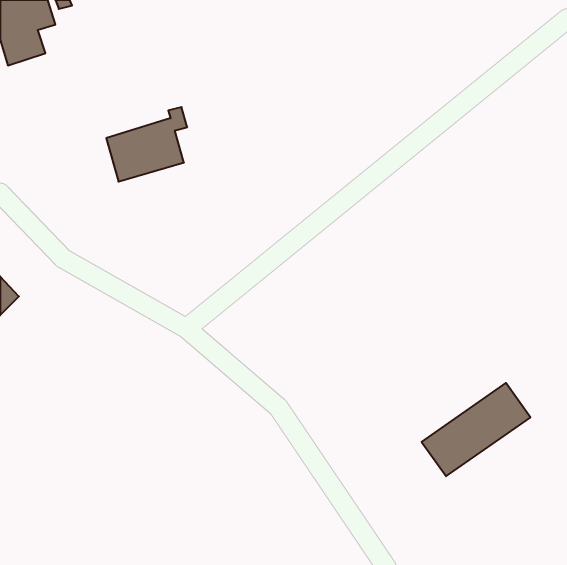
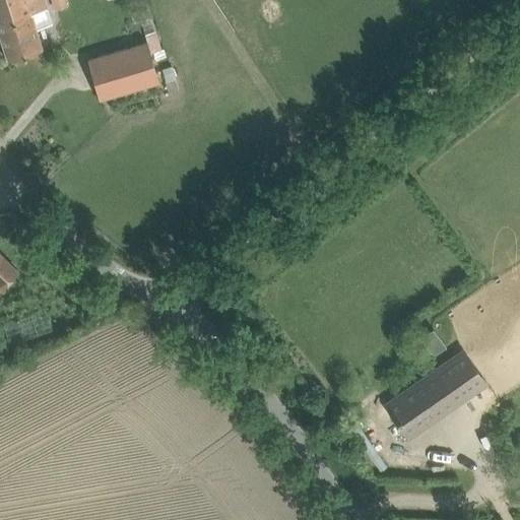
building: [106,107,187,182] -> [87,32,161,101]

